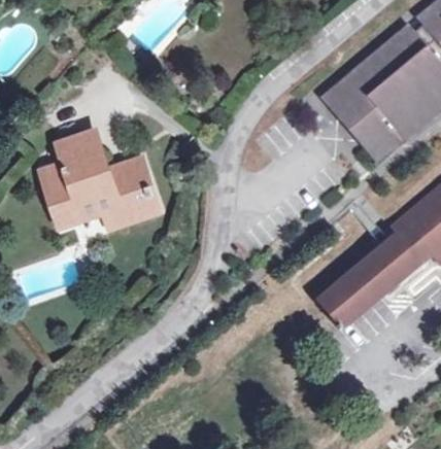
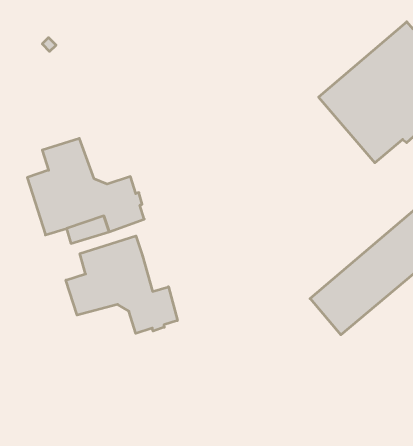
building: none -> [66,236,177,333]

